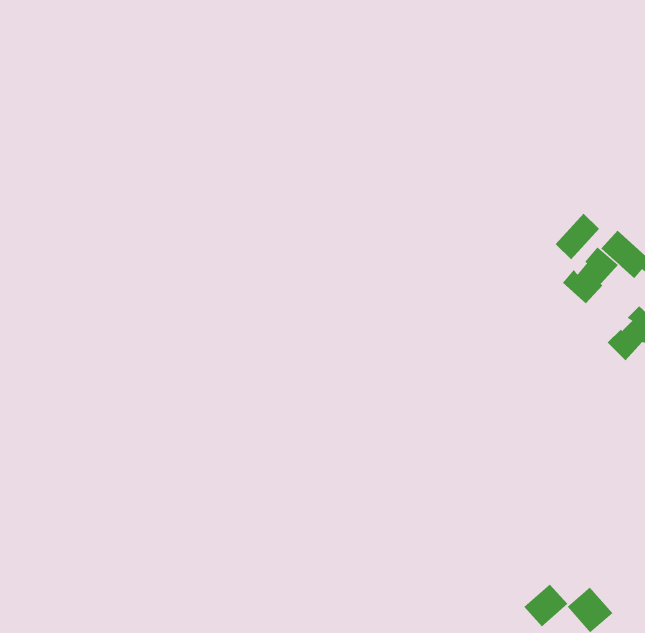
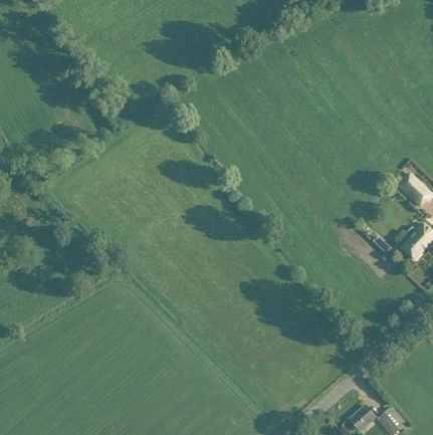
building: [555,213,600,260] -> none
building: [562,247,619,304] -> none

